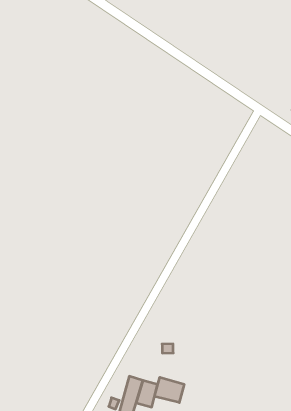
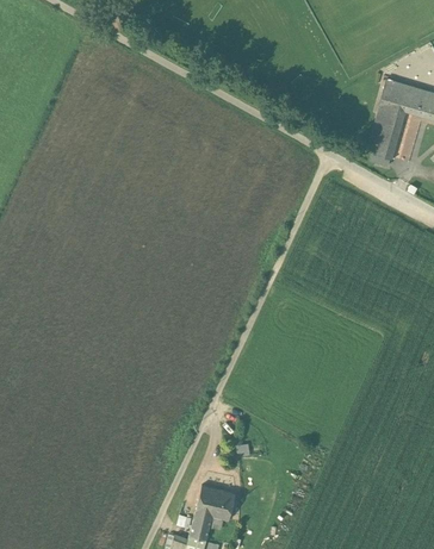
building: [154,377,184,403] -> none

